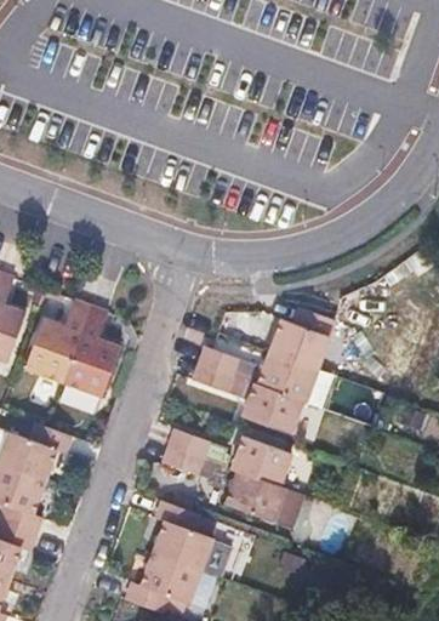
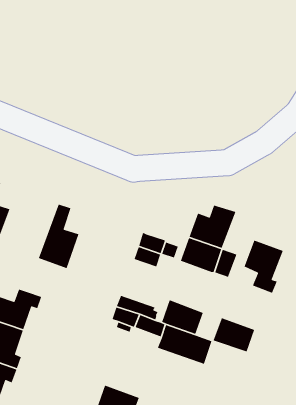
building: [25,300,91,381] -> none
building: none -> [244,240,284,294]
building: [243,383,301,432] -> [213,317,255,352]
building: [154,501,213,571] -> none

